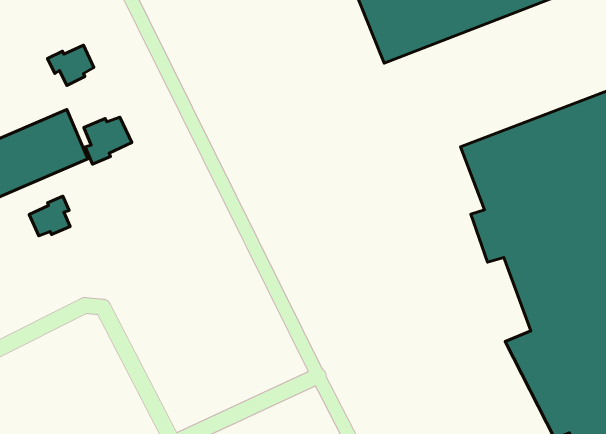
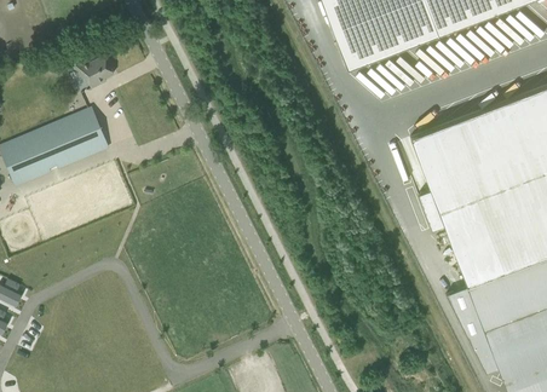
building: [84,117,132,164] -> none
building: [29,196,70,236] -> none

